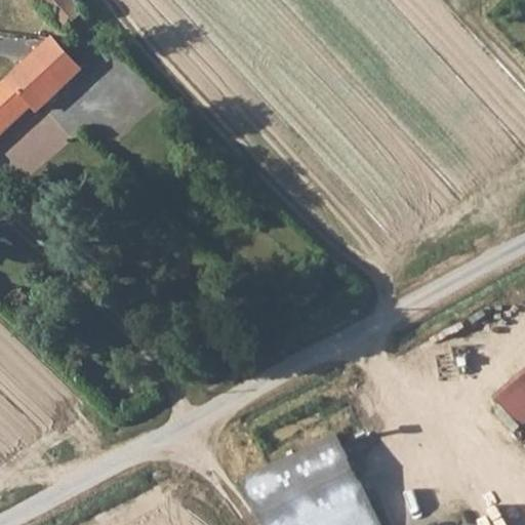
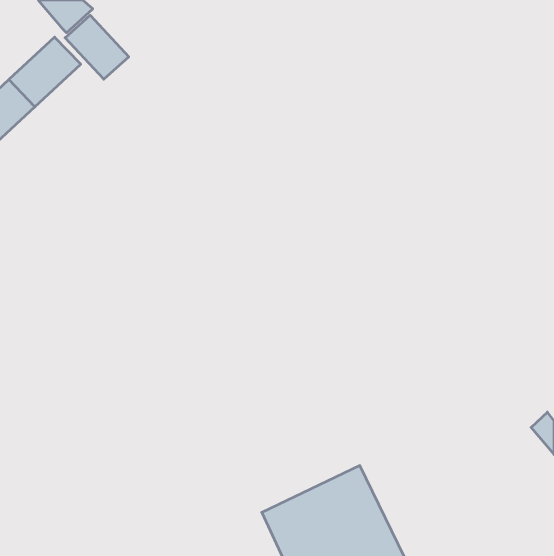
building: none -> [65,15,129,79]

